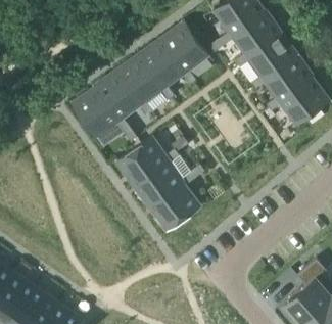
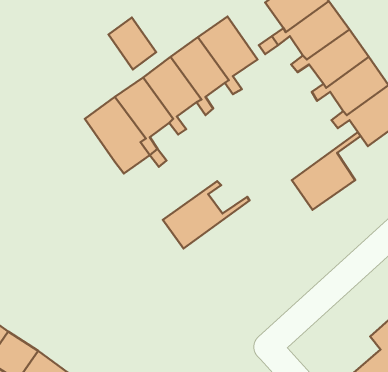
building: none -> [108,17,156,69]
building: [116,137,176,183] -> none
building: [149,168,203,229] -> [292,132,360,210]

